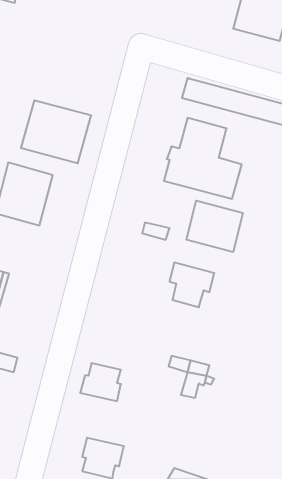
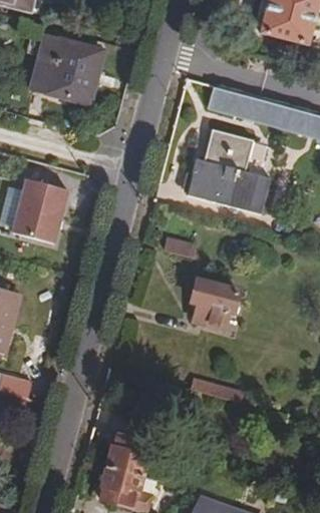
building: [21,100,91,163] -> [29,37,103,103]
building: [186,201,243,252] -> none
building: [80,363,121,401] -> [105,435,148,475]

